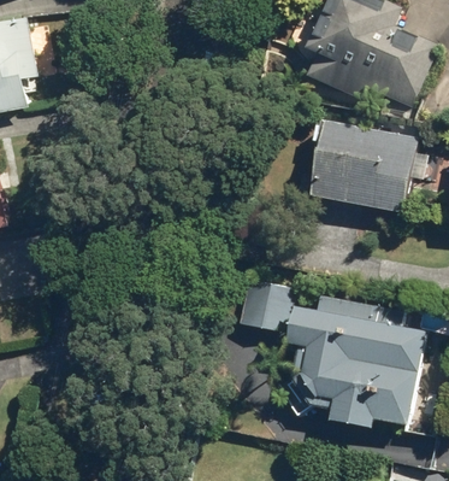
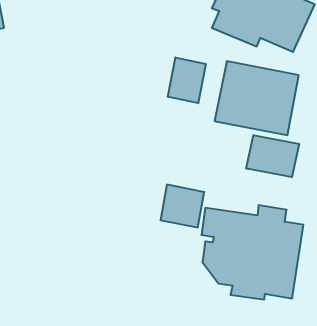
building: none -> [168,57,206,103]
building: none -> [246,135,299,177]

